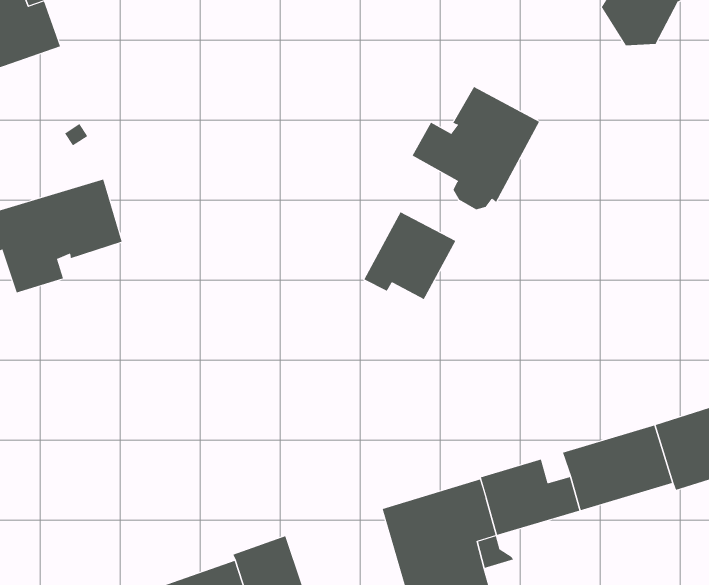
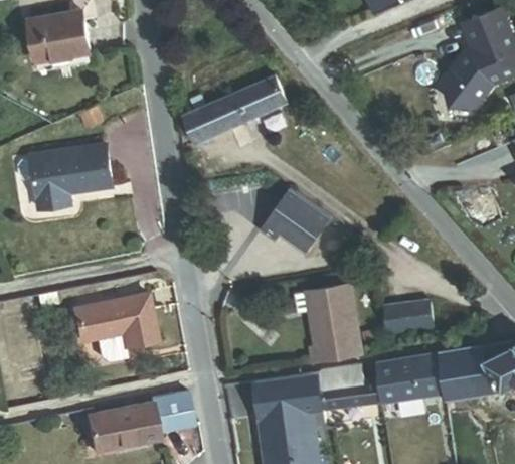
building: none -> [184,76,287,143]
building: [412,86,540,210] -> none
building: none -> [307,285,360,364]
building: none -> [383,301,433,332]
building: none -> [72,292,157,358]

